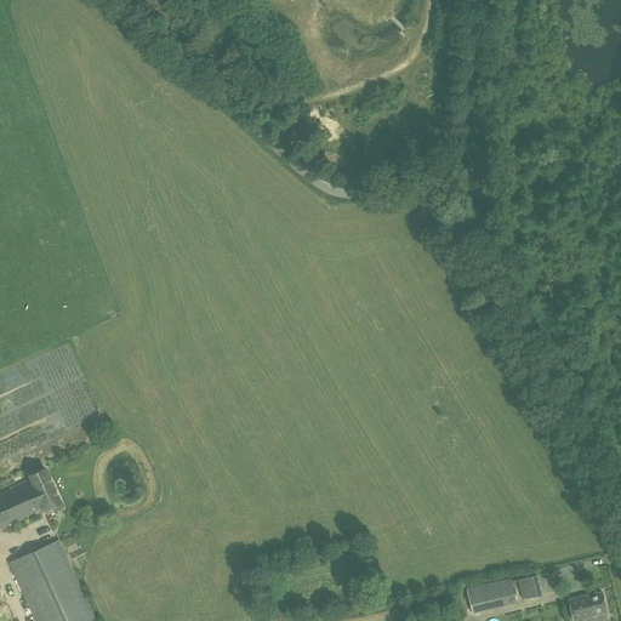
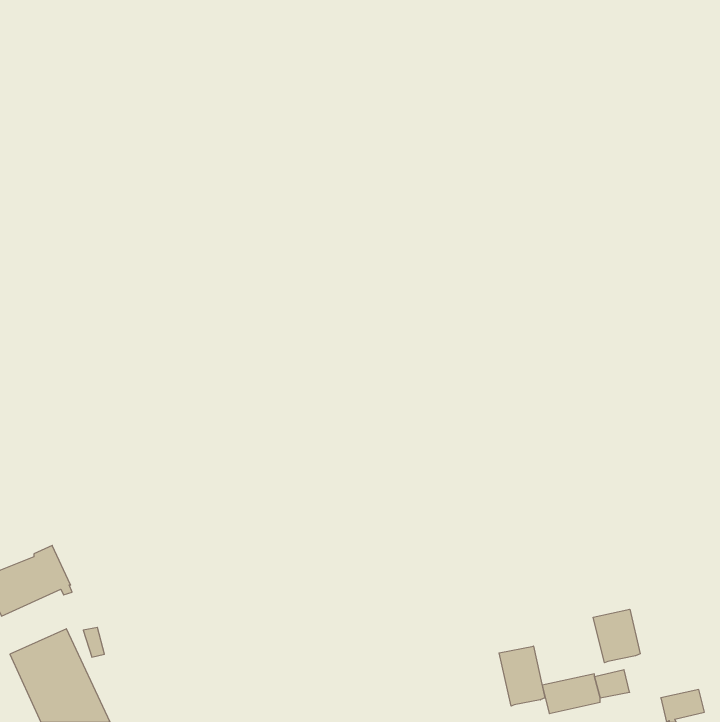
building: none -> [593,609,640,663]
building: none -> [499,646,545,706]

